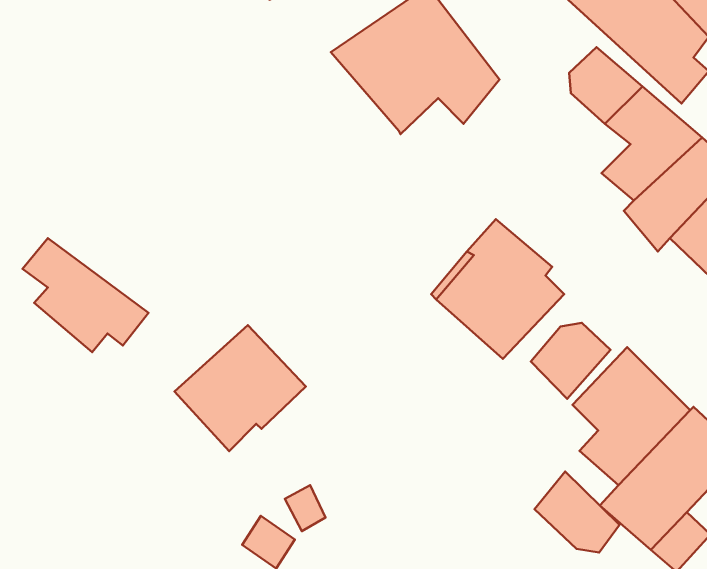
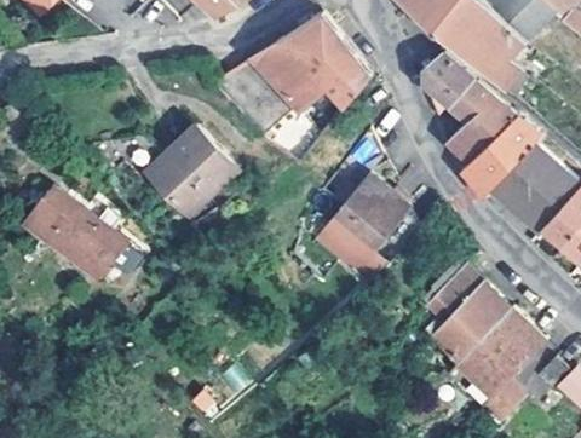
building: none -> [209,54,301,144]
building: [531,323,610,399] -> none
building: [175,325,306,451] -> [143,125,236,214]
building: [535,472,620,552] -> none

